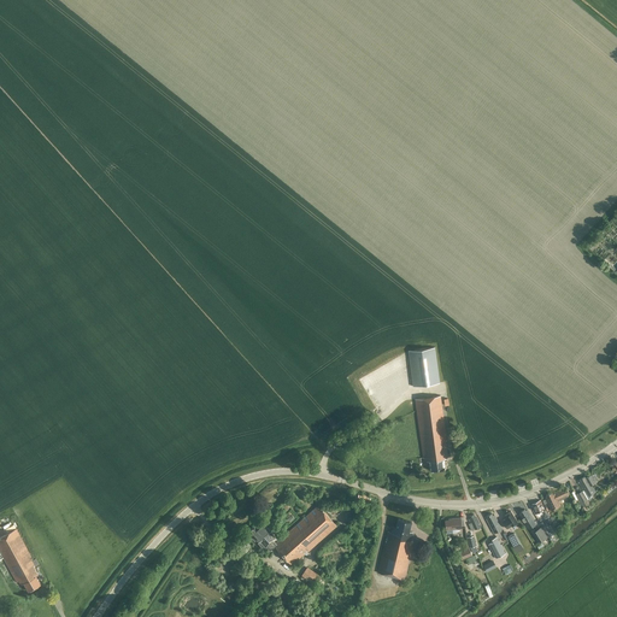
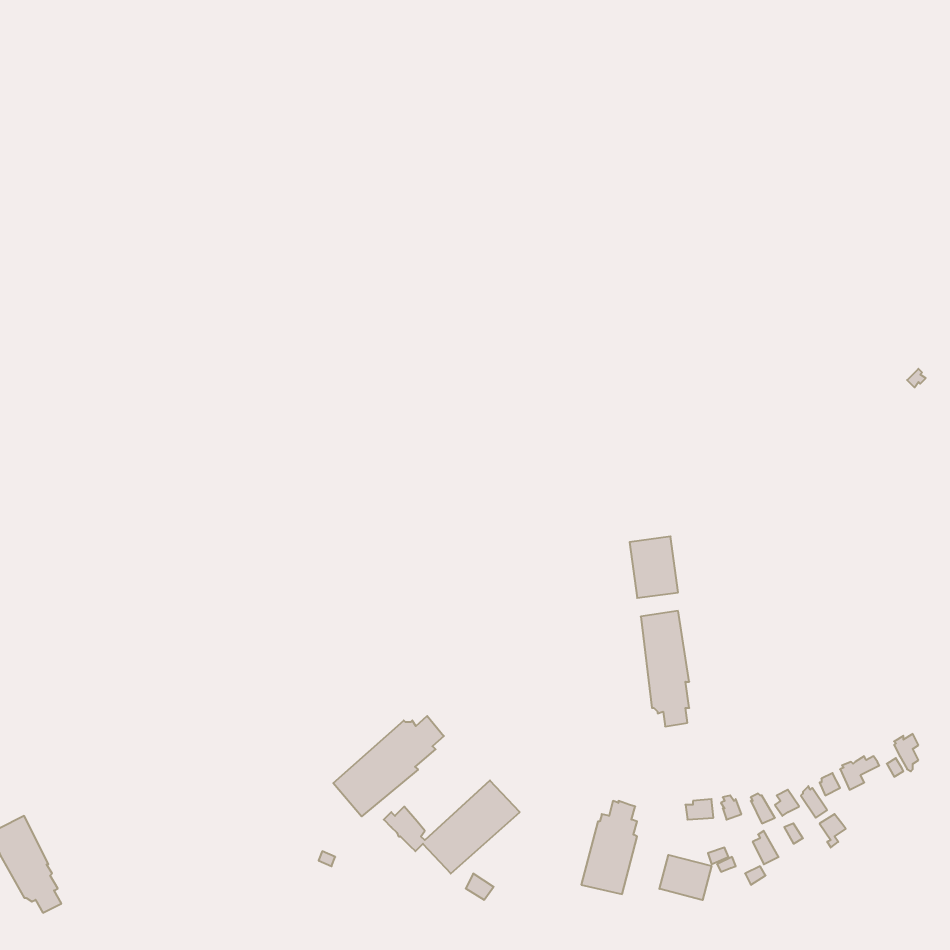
building: none -> [333,716,444,816]
building: none -> [659,855,712,900]

